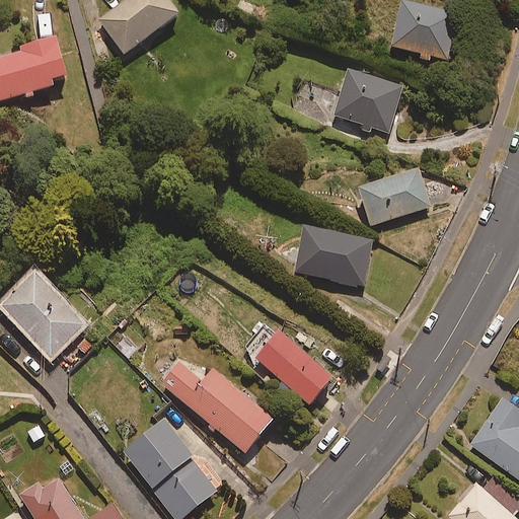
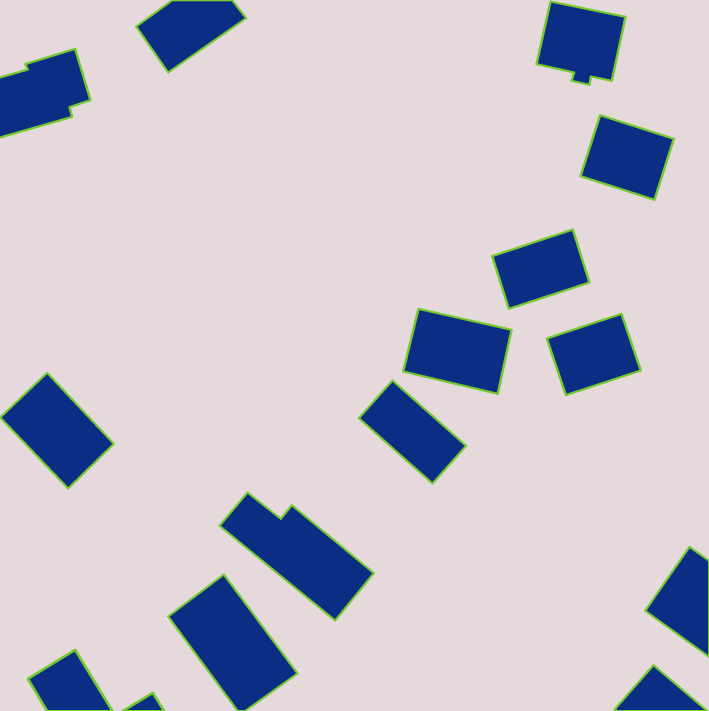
building: [335,69,402,131] -> [581,115,674,200]
building: none -> [547,314,641,395]
building: [255,329,333,404] -> [359,381,466,484]

